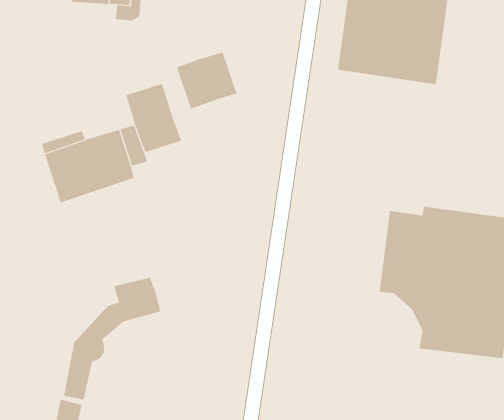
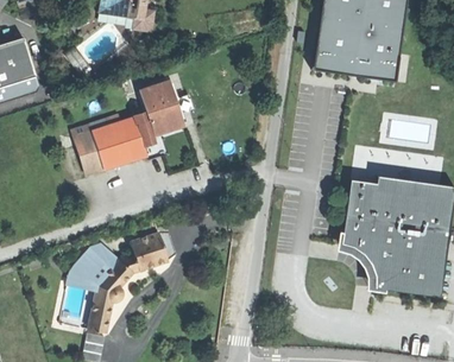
building: [176,52,237,109] -> none
building: none -> [69,241,121,286]

